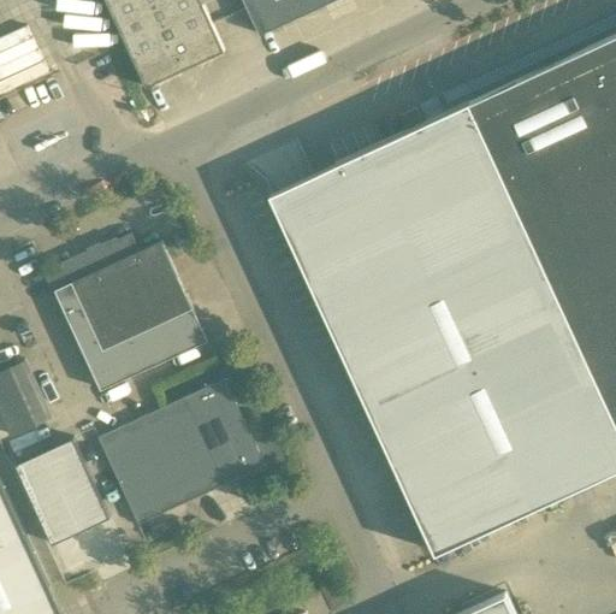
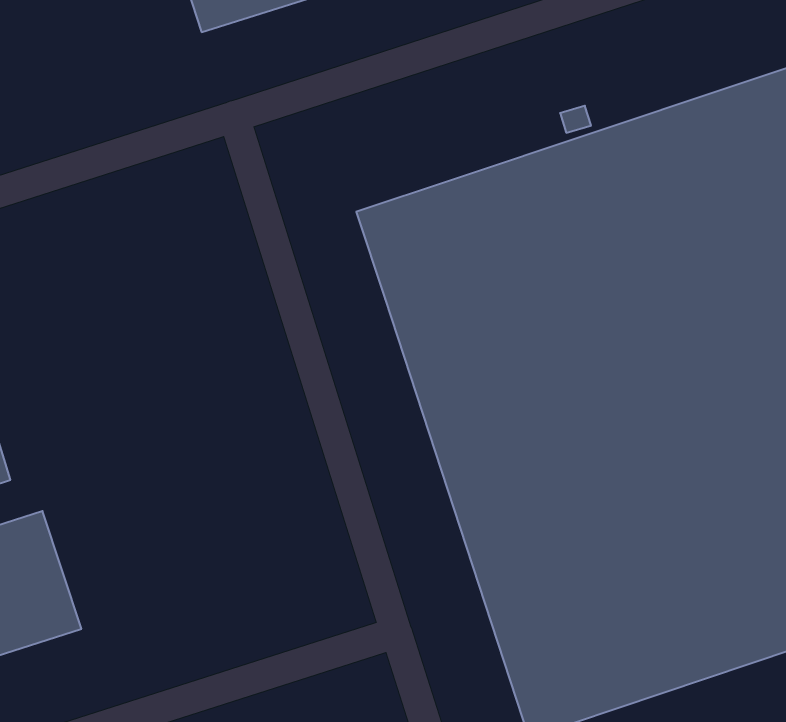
building: [46,232,206,389] -> none
building: [96,378,263,524] -> none

